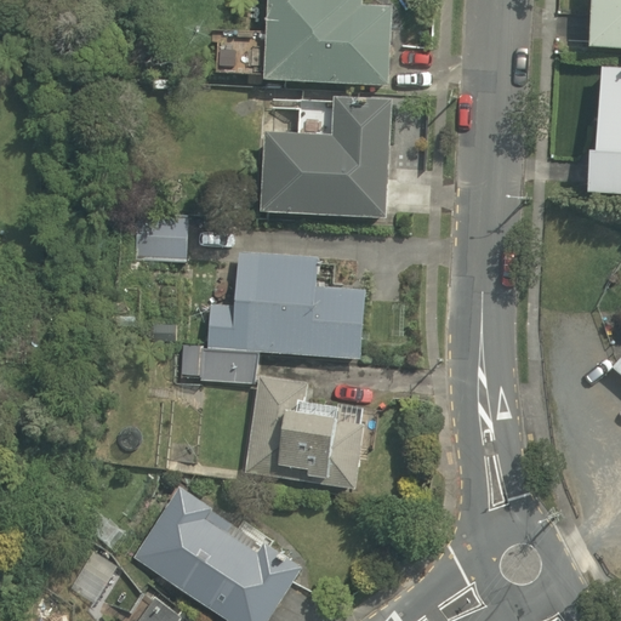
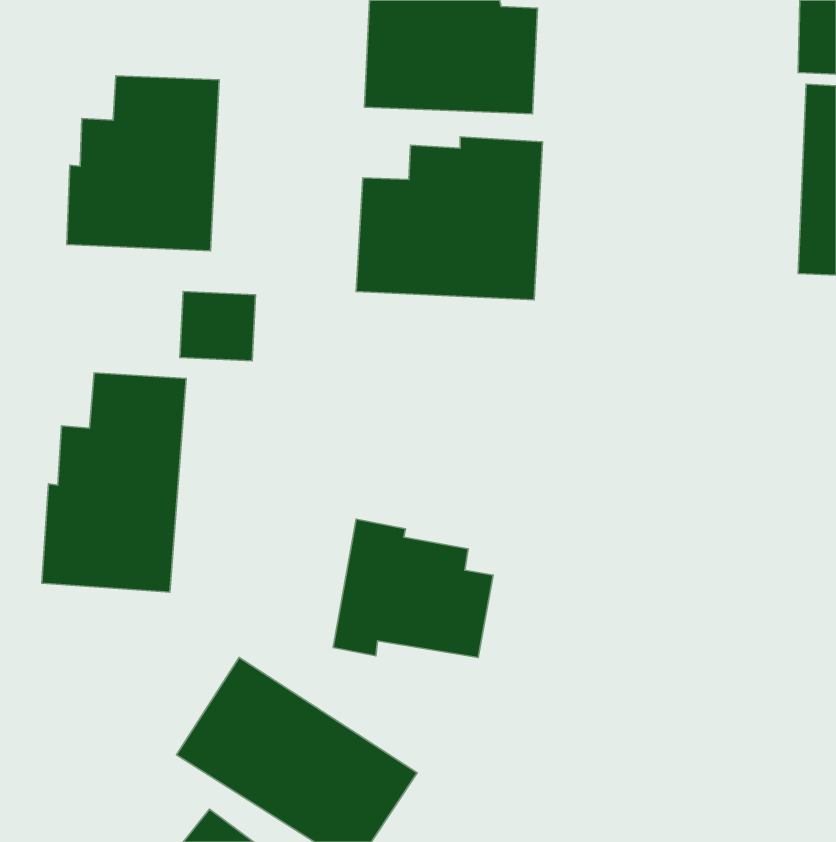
building: none -> [67,76,219,251]
building: [173,253,363,382] -> none
building: none -> [42,373,186,592]

